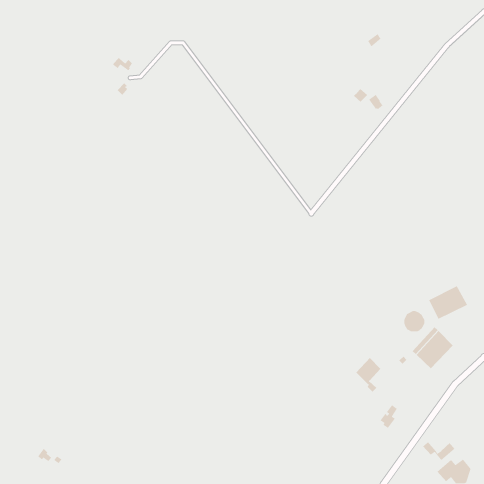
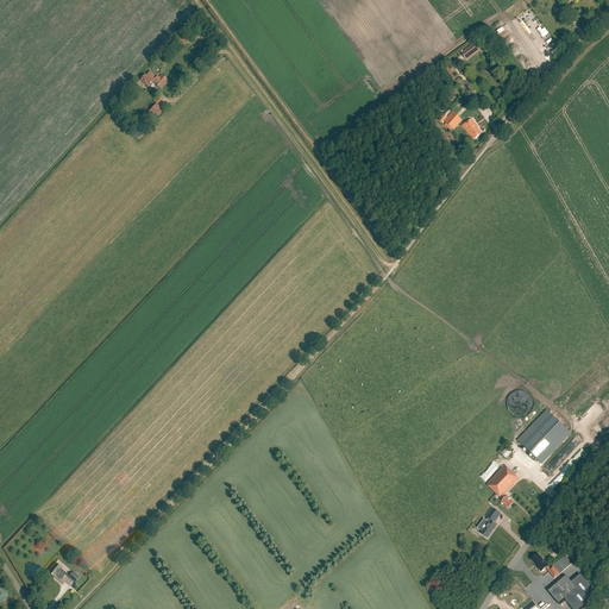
building: [428,285,468,320] -> none
building: [355,357,381,392] -> [485,464,517,508]

